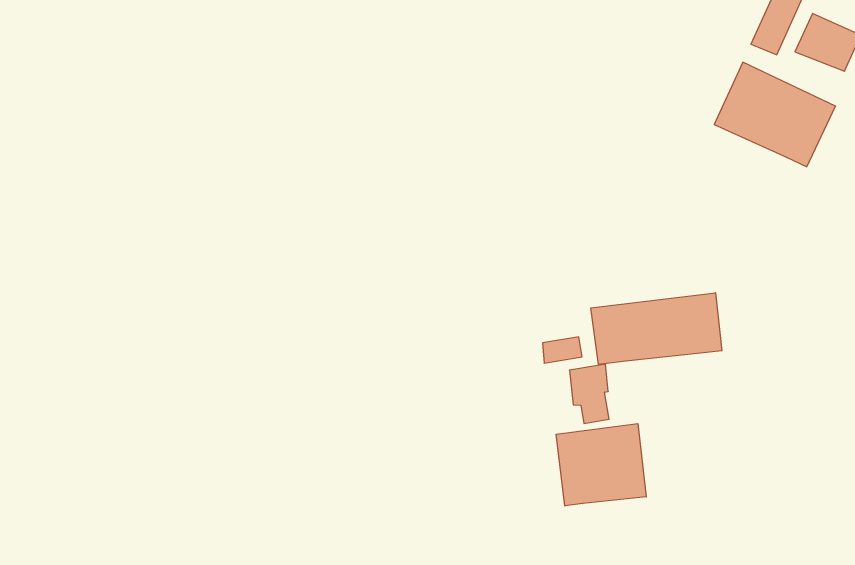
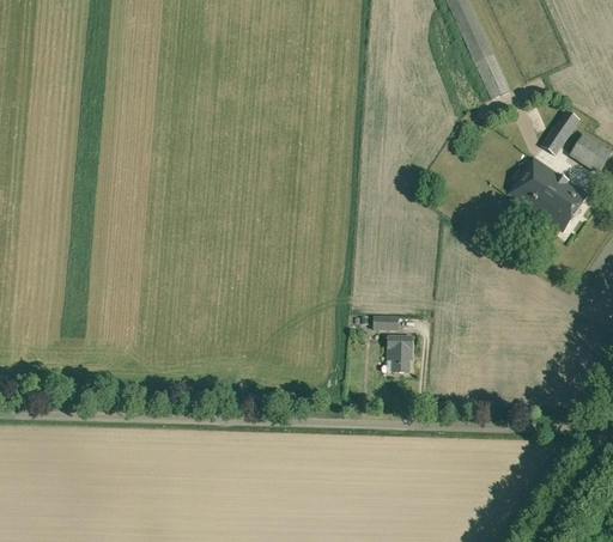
building: [591,293,722,365] -> none
building: [556,424,646,506] -> none

